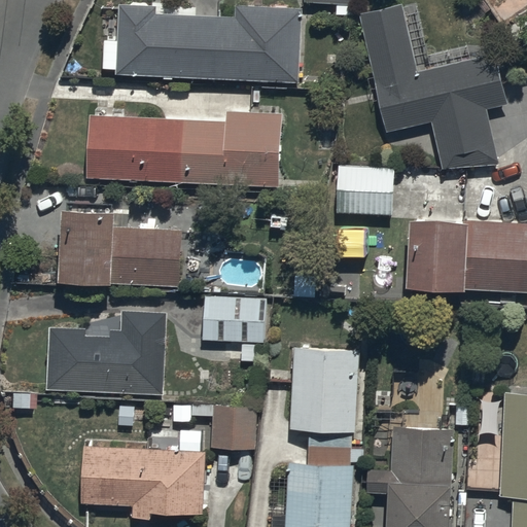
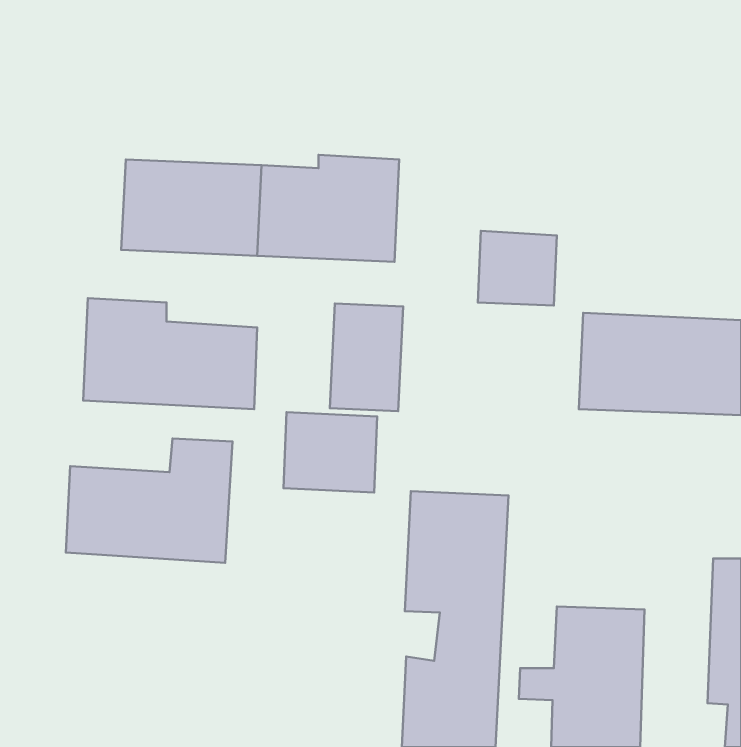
building: [359,4,506,168] -> none
building: [114,5,304,83] -> none
building: none -> [330,304,403,411]
building: [212,407,256,450] -> none
building: [79,452,203,515] -> none

